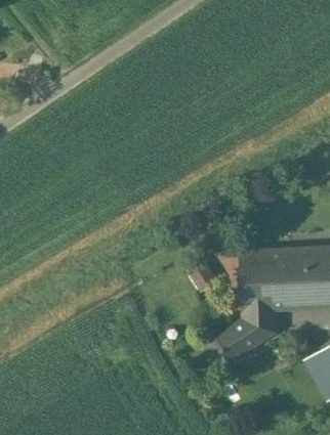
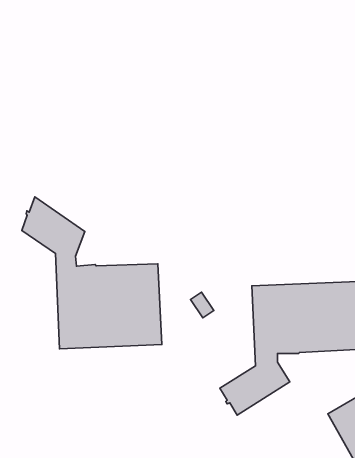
building: none -> [22,197,162,349]

